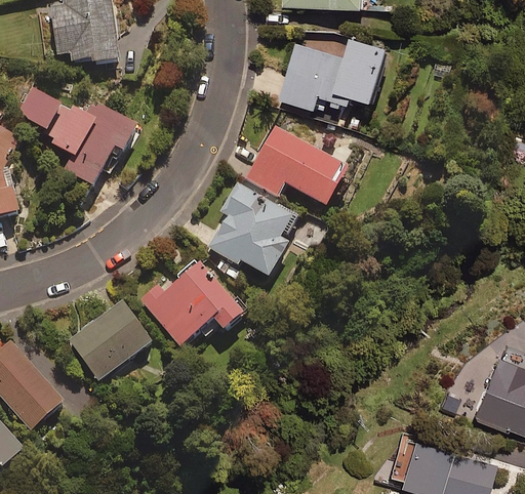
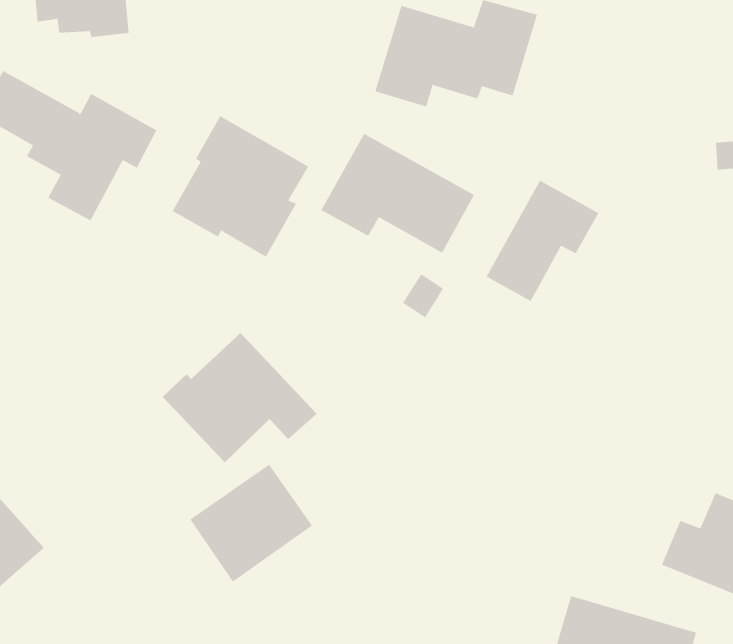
building: none -> [486,180,599,302]
building: [206,182,297,277] -> [172,116,309,257]
building: [69,301,151,380] -> [189,464,313,583]

